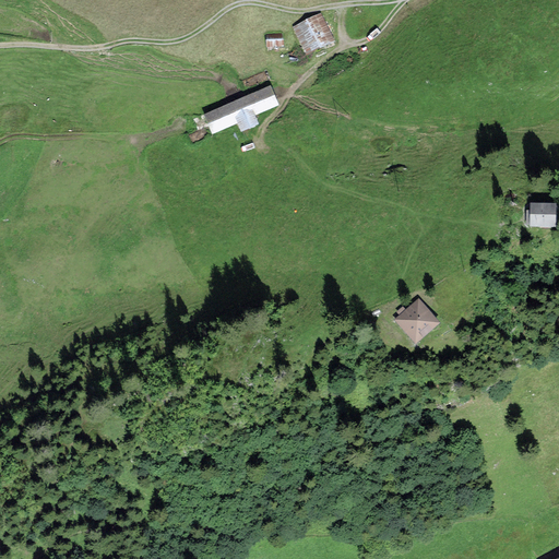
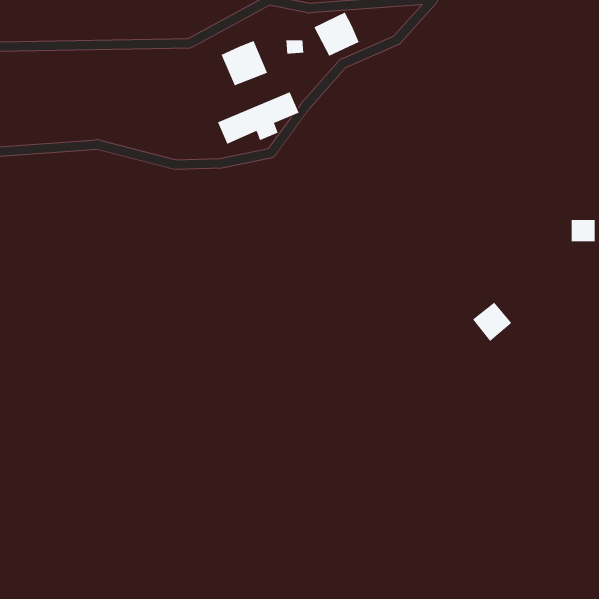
building: none -> [221,40,268,86]
building: [397,301,435,338] -> [472,302,512,342]

